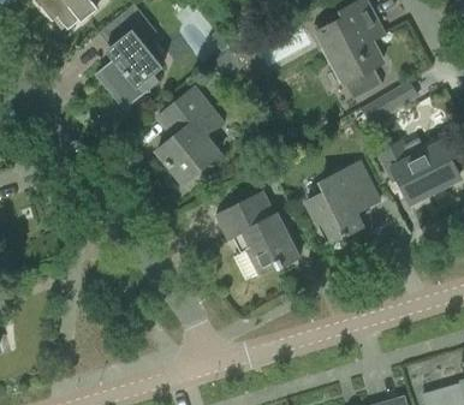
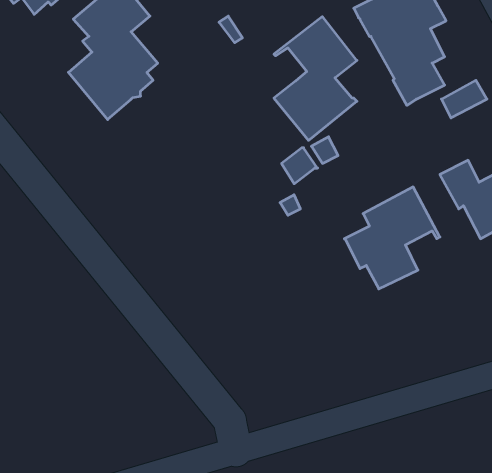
building: [156,88,220,183] -> [274,17,357,140]
building: [215,191,299,273] -> none

